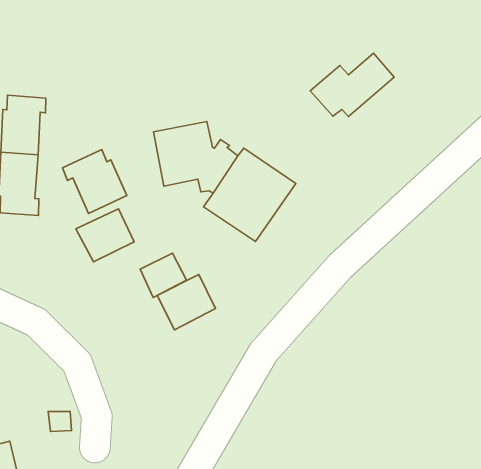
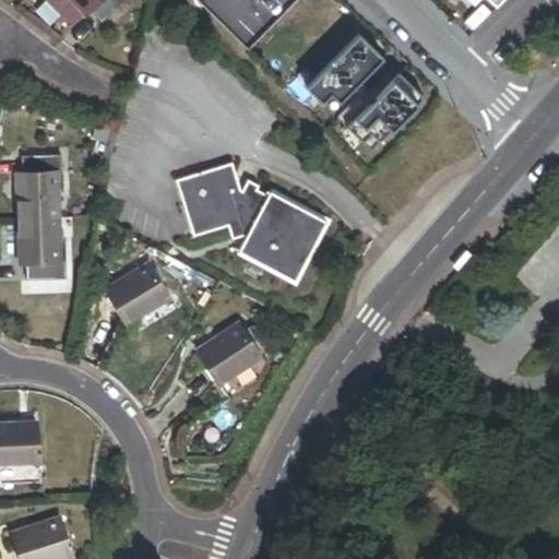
building: none -> [306,35,383,106]
building: [63,149,127,214] -> none
building: [140,253,186,298] -> none

